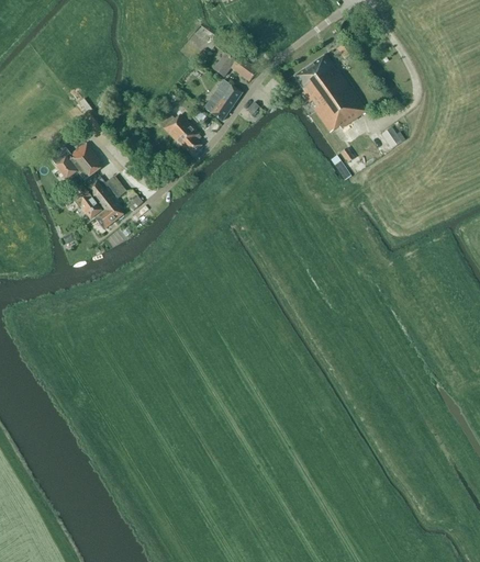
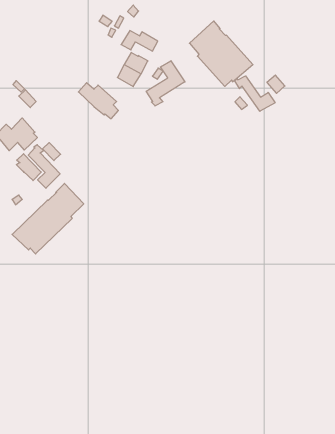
building: none -> [146,61,185,106]
building: none -> [235,76,275,111]
building: none -> [12,183,84,254]

